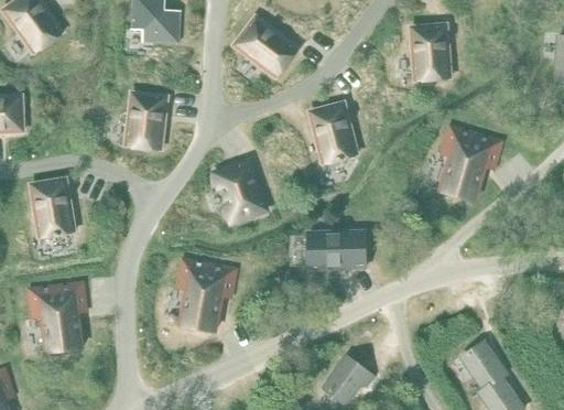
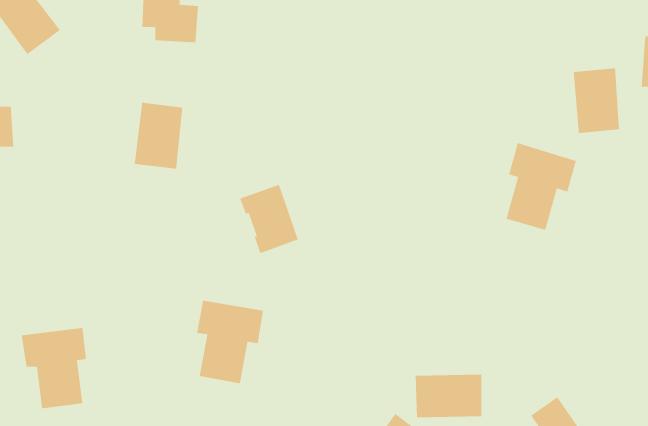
building: [234,15,297,76] -> none
building: [410,23,449,79] -> [573,67,620,134]
building: [308,101,357,163] -> none
building: [30,177,74,238] -> none
building: [307,230,365,268] -> [415,374,482,418]

